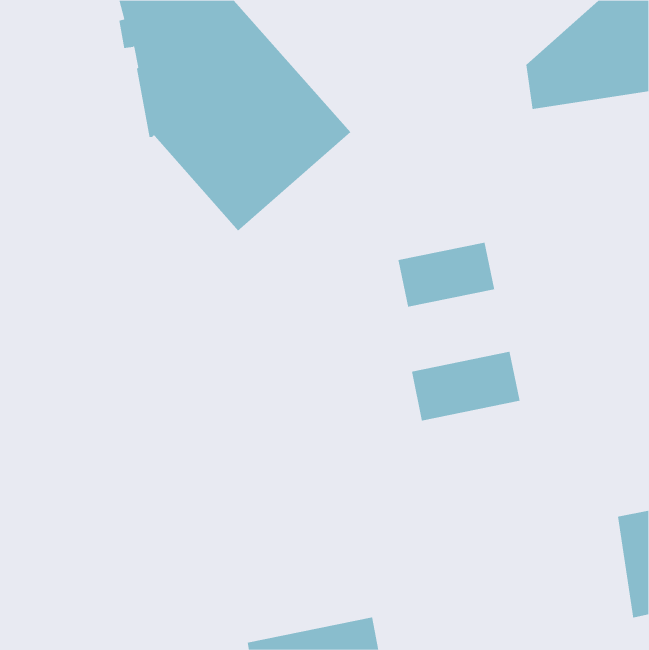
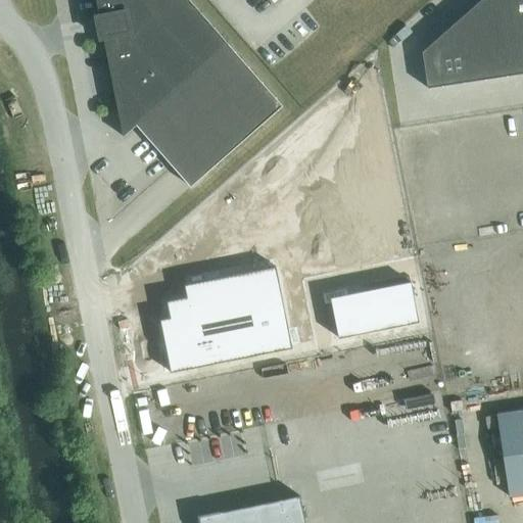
building: [398,242,495,308] -> none
building: none -> [159,267,291,372]

